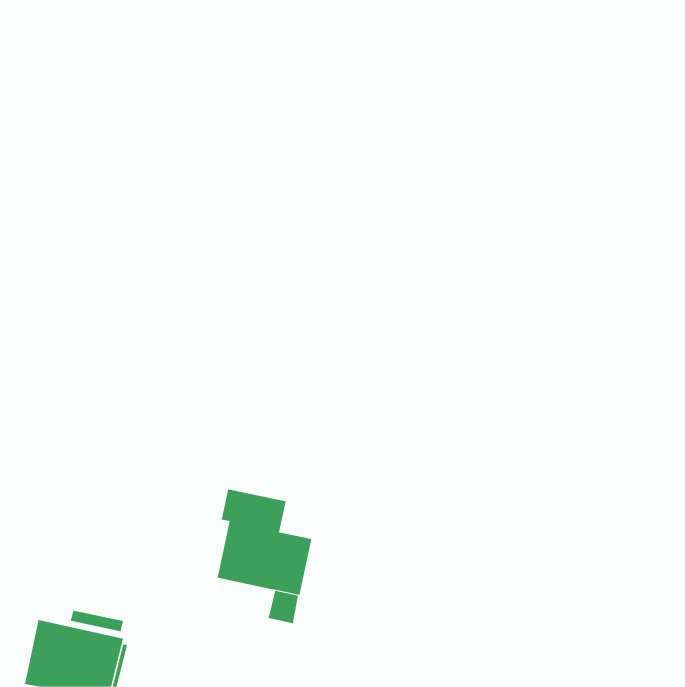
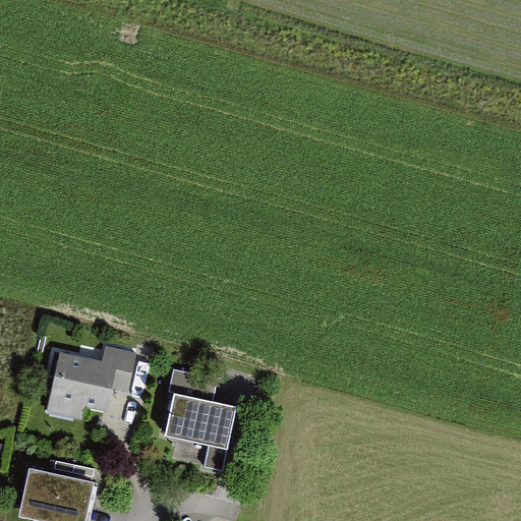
building: none -> [46,346,136,419]

